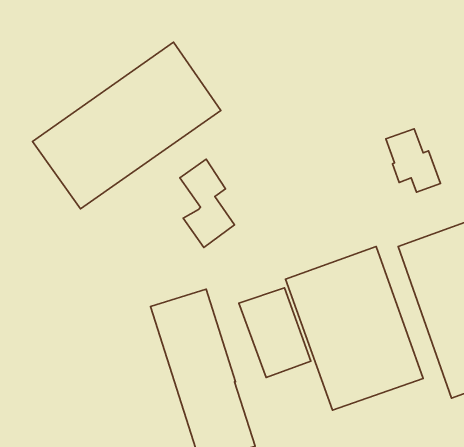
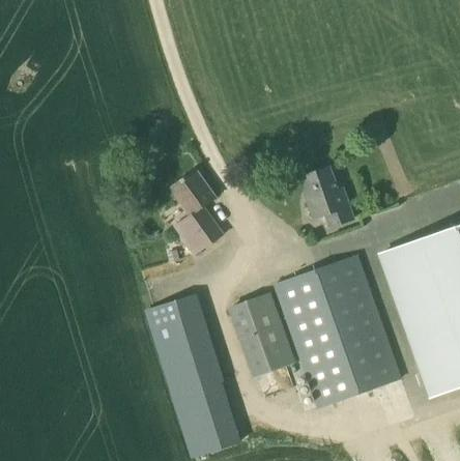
building: [32,42,221,209] -> none
building: [386,129,440,192] -> [301,168,353,228]

